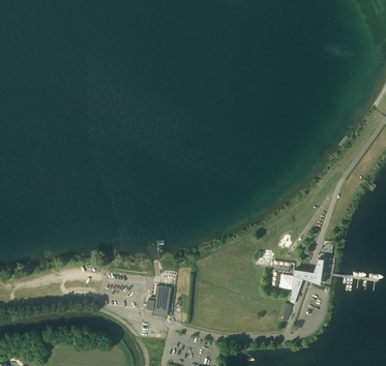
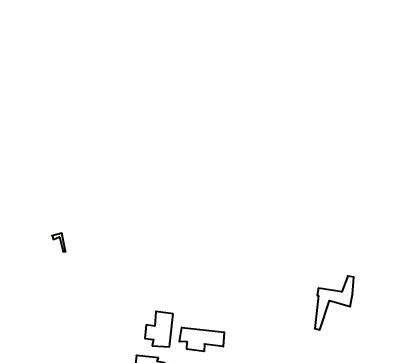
building: none -> [179,327,224,351]

